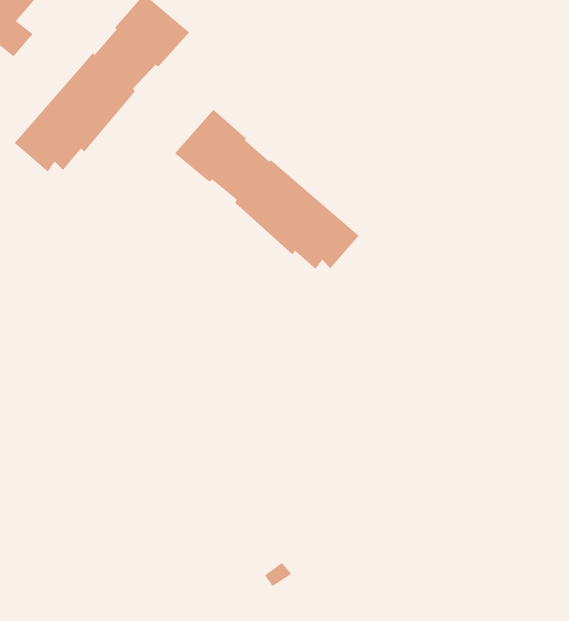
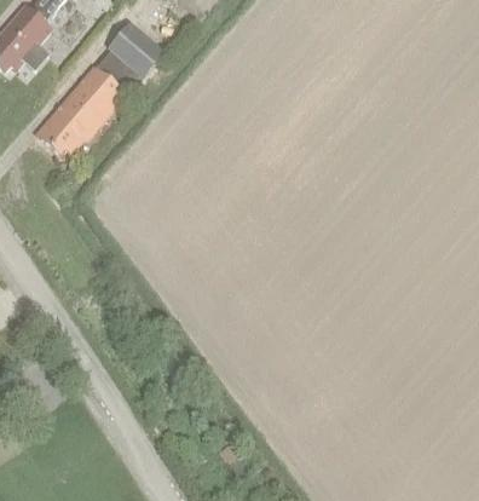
building: [174,109,360,270] -> none

